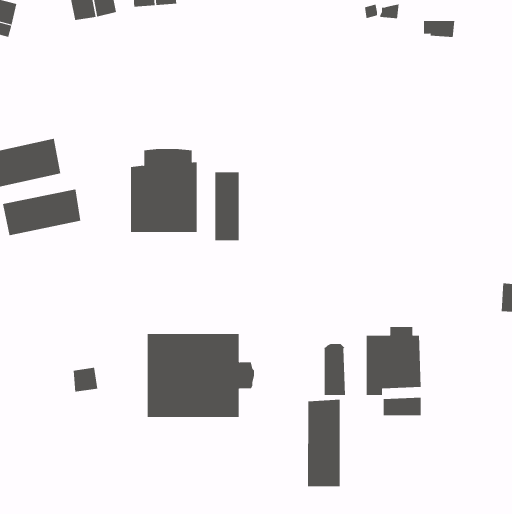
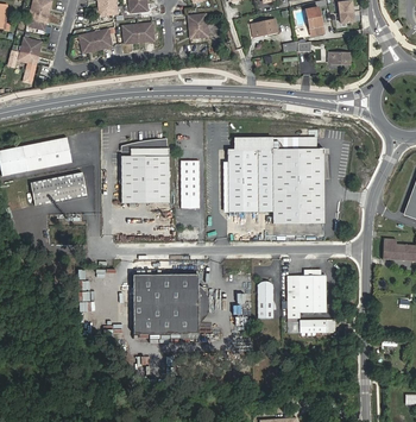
building: none -> [227,138,324,222]
building: [307,399,340,487] -> none

